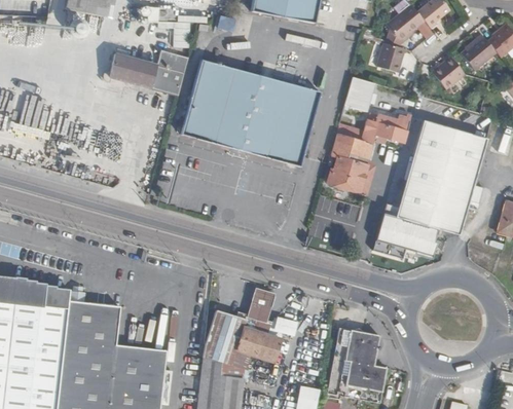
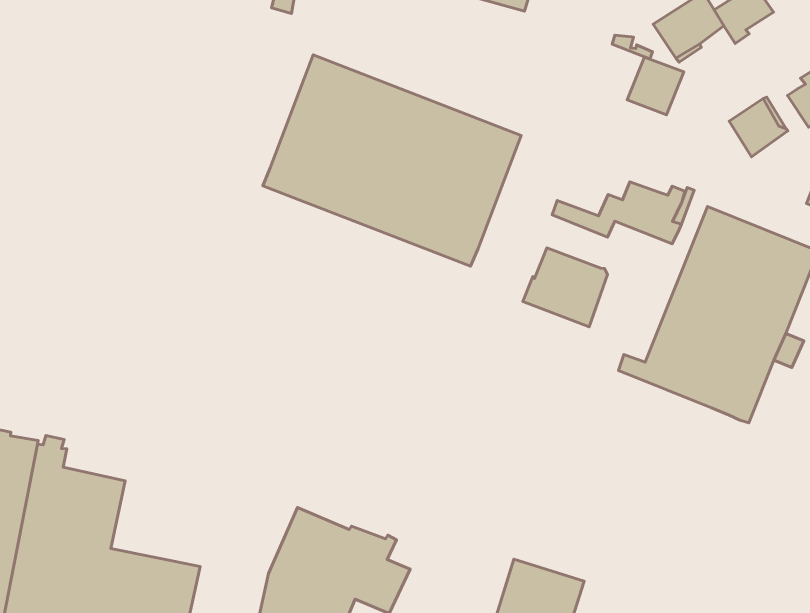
building: [103,49,187,95] -> none
building: [347,78,375,111] -> none
building: [335,134,374,160] -> none
building: [374,216,439,262] -> none
building: [247,288,274,322] -> none

